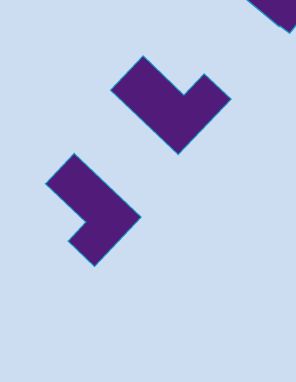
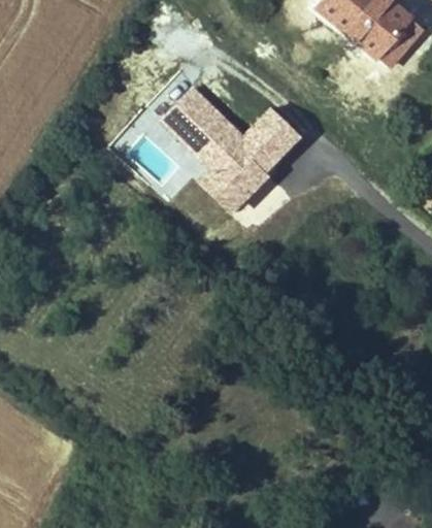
building: [45,153,141,266] -> none

